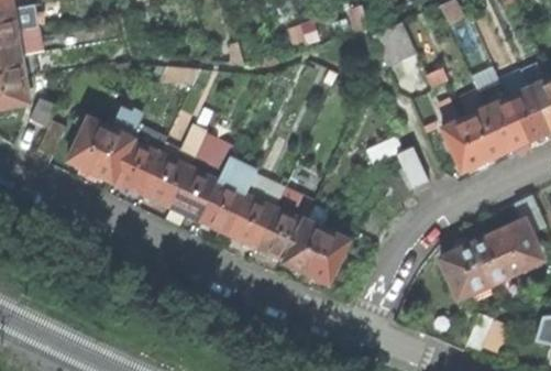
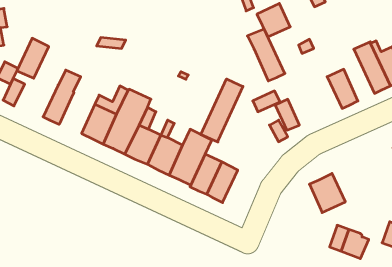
building: [477,80,527,149] -> [247,29,285,81]
building: [68,117,110,170] -> [17,38,49,78]
building: [442,117,484,170] -> none
building: none -> [201,79,243,142]
building: [112,140,158,192] -> none
building: [471,221,539,282] -> none

